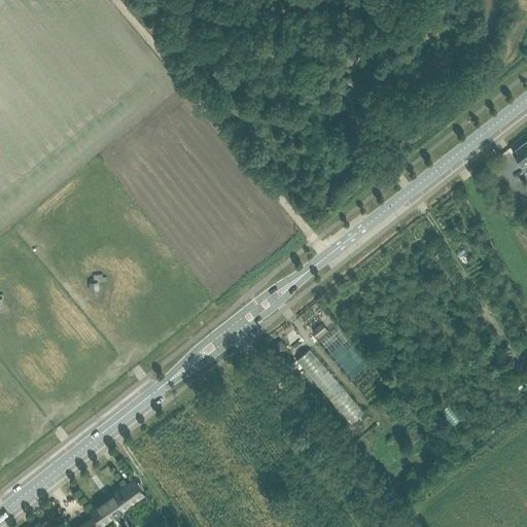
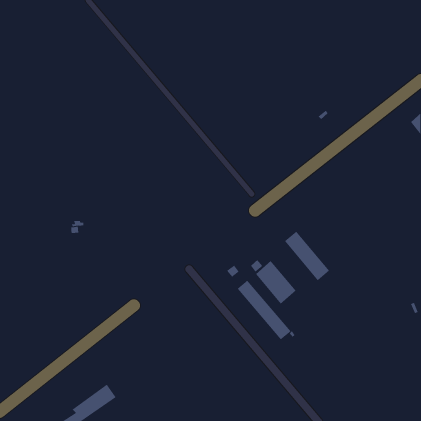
building: none -> [284,231,330,281]

